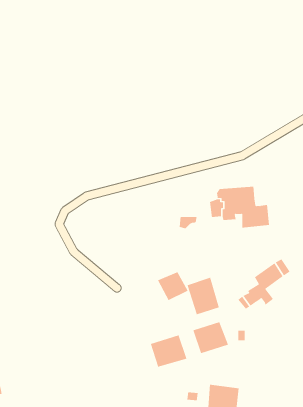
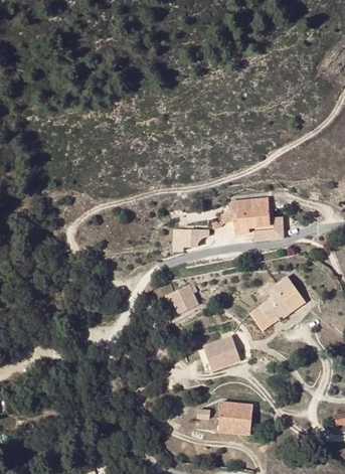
building: [187,277,219,315] -> none
building: [150,335,187,367] -> none

